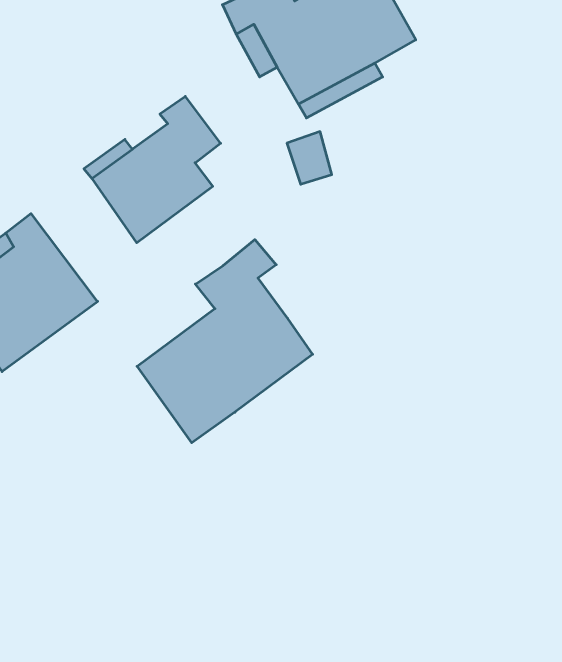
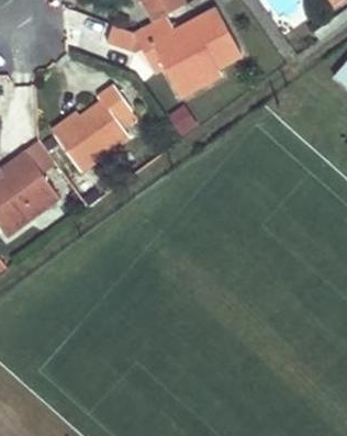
building: [137,240,313,443] -> none

